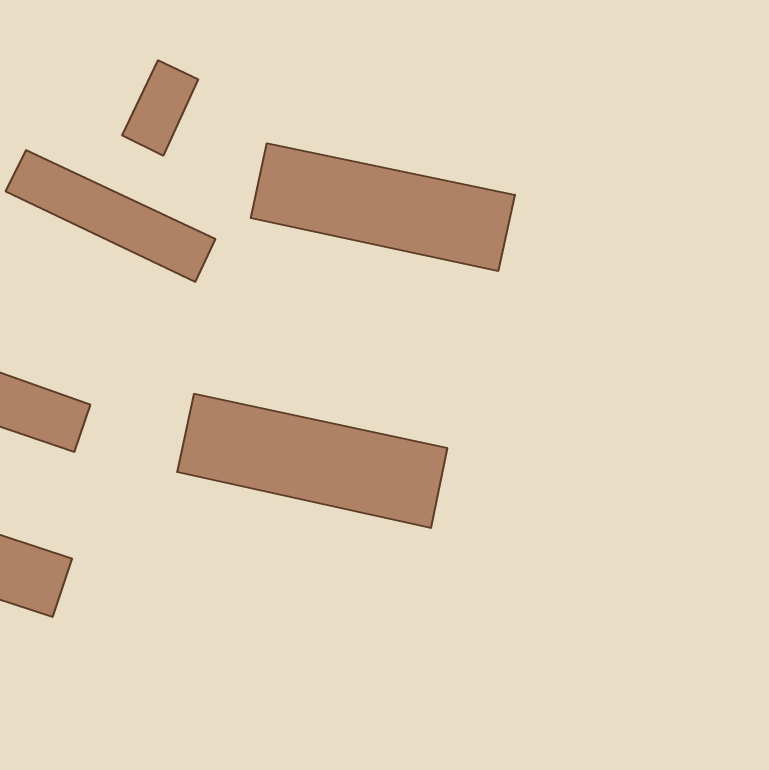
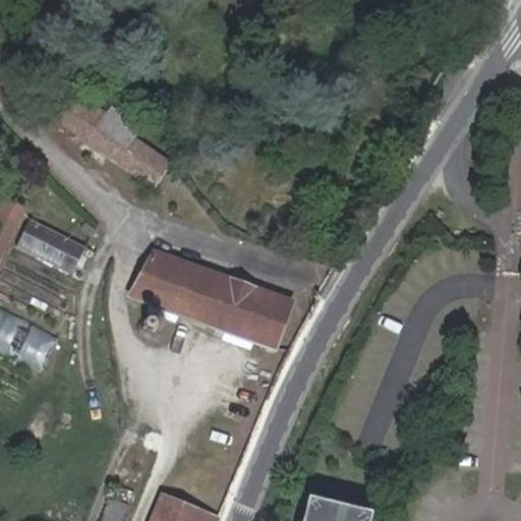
building: [122,60,198,156] -> none
building: [251,143,515,271] -> none

